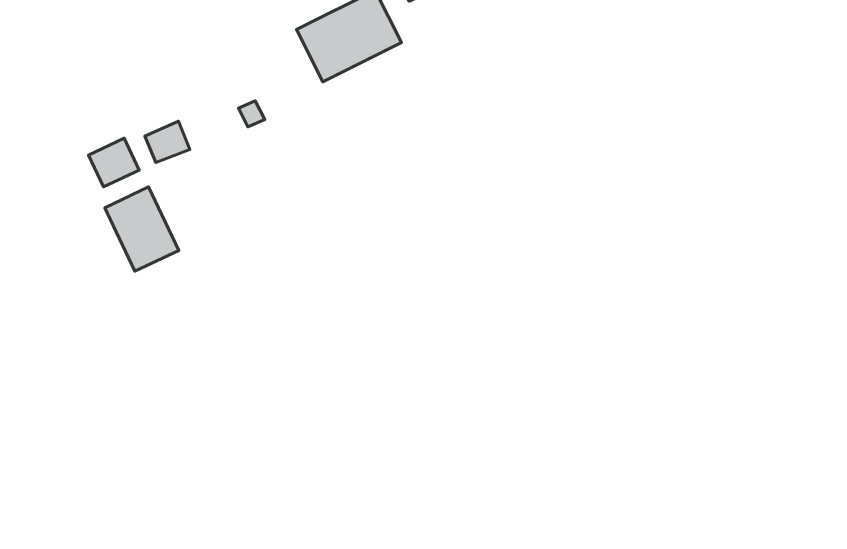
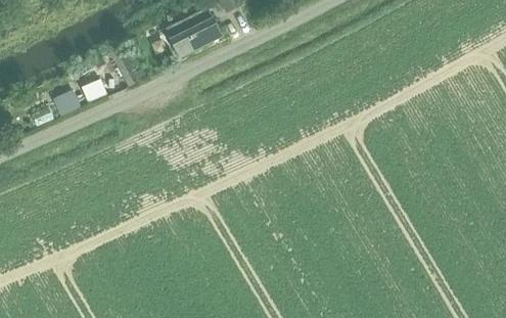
building: [105,187,179,271] -> none

